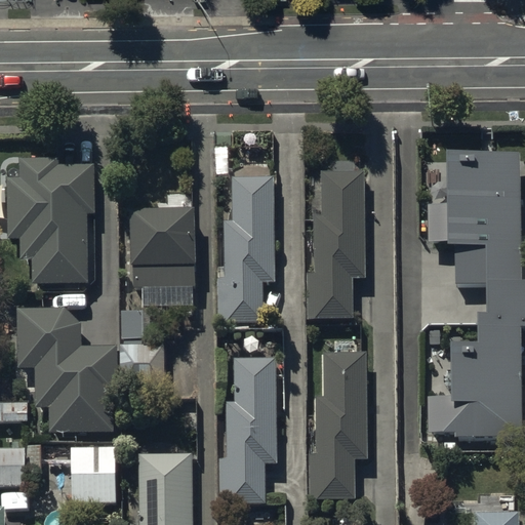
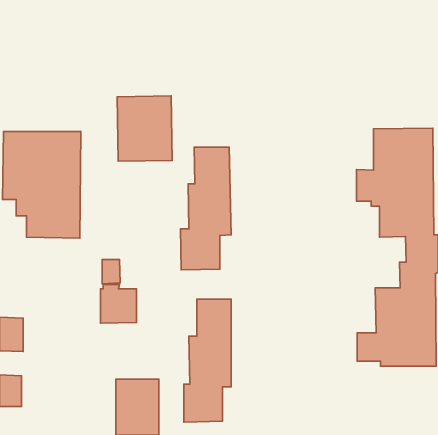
building: [307,169,365,315] -> none
building: [131,208,197,286] -> [117,96,172,161]
building: [17,308,118,431] -> none
building: [310,352,368,497] -> none
building: [72,446,116,501] -> none

